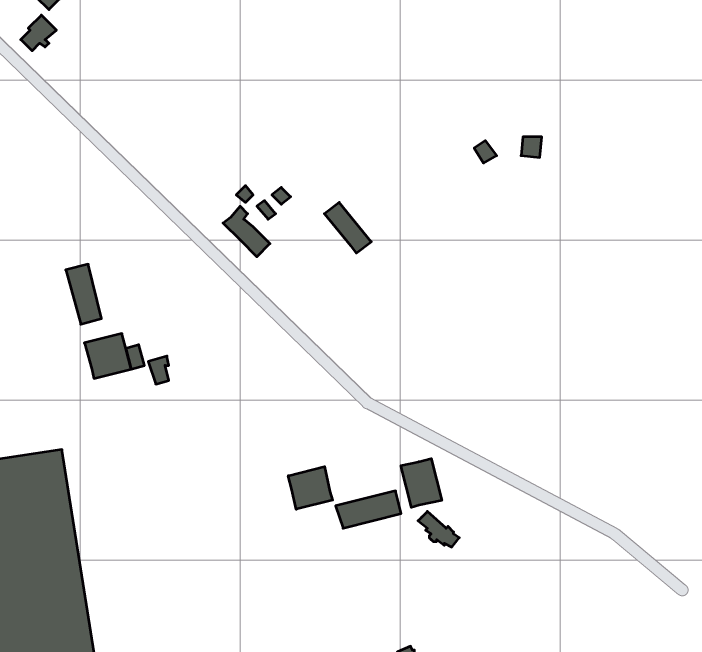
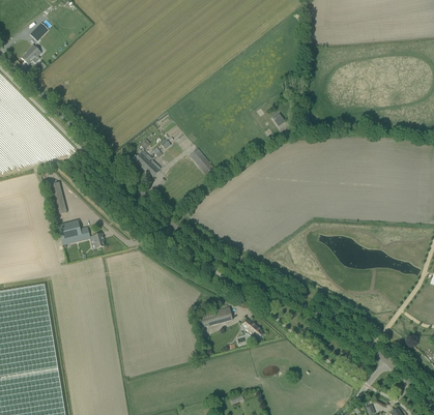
building: [401,459,442,507] -> none
building: [288,467,333,509] -> none

